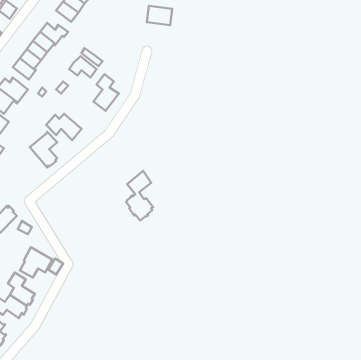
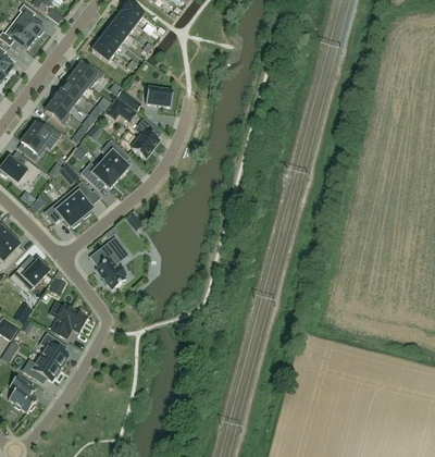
building: [147,6,172,25] -> [146,86,173,107]
building: none -> [100,139,129,177]
building: none -> [45,197,82,227]
building: [126,171,153,220] -> [97,236,126,289]

